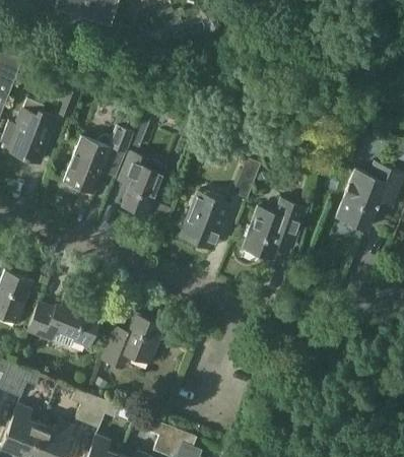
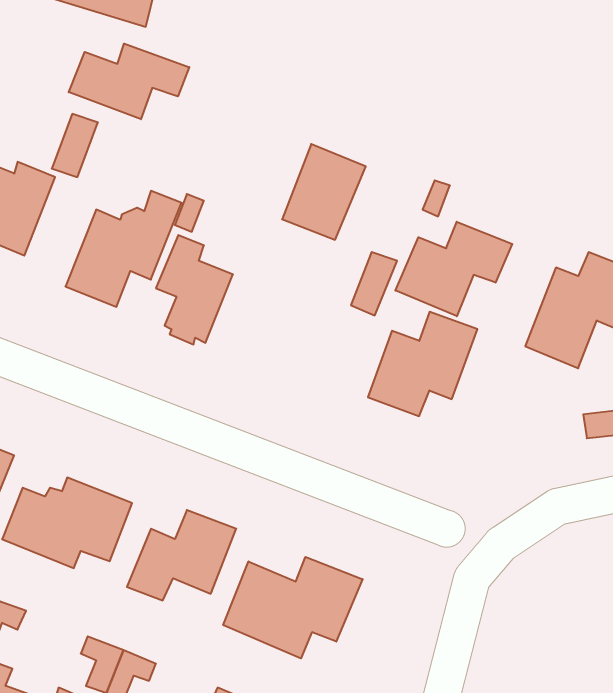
building: none -> [69,44,189,119]
building: none -> [395,222,512,316]
building: [180,192,229,249] -> [282,144,366,240]
building: none -> [223,557,363,658]

